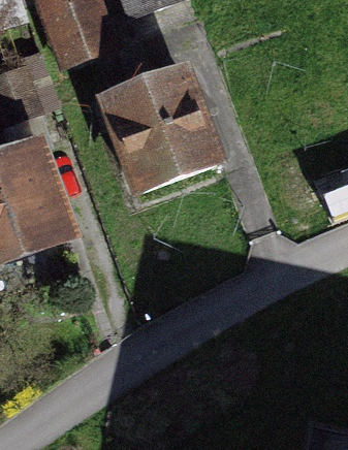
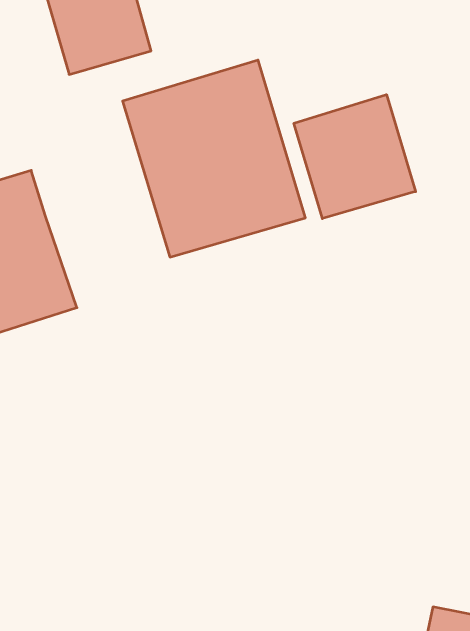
building: none -> [294,95,416,219]

